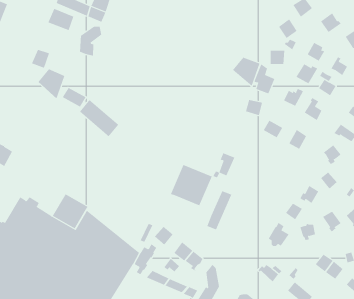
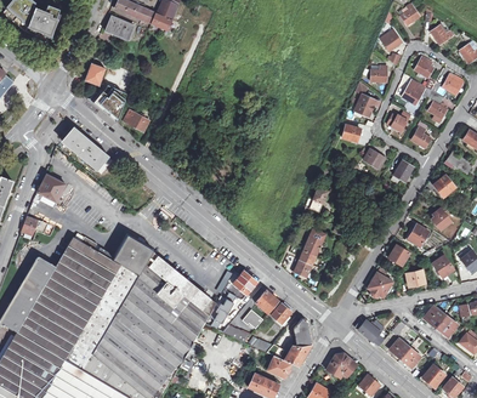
building: [79,26,102,57] -> none
building: [232,57,260,87] -> none
building: [79,99,119,137] -> [62,125,109,170]
building: [170,164,213,206] -> none

